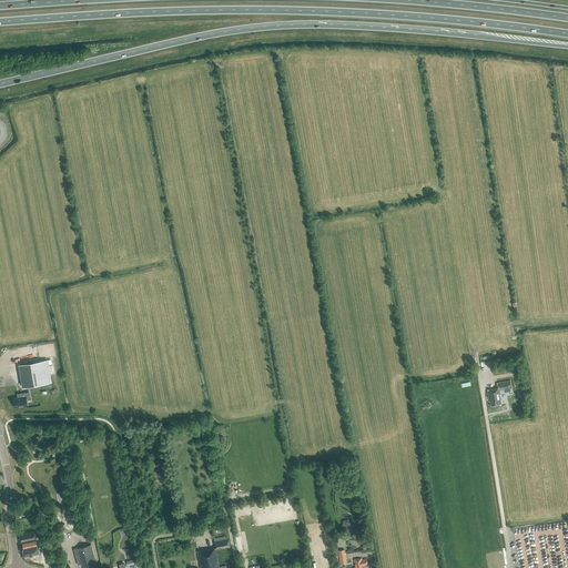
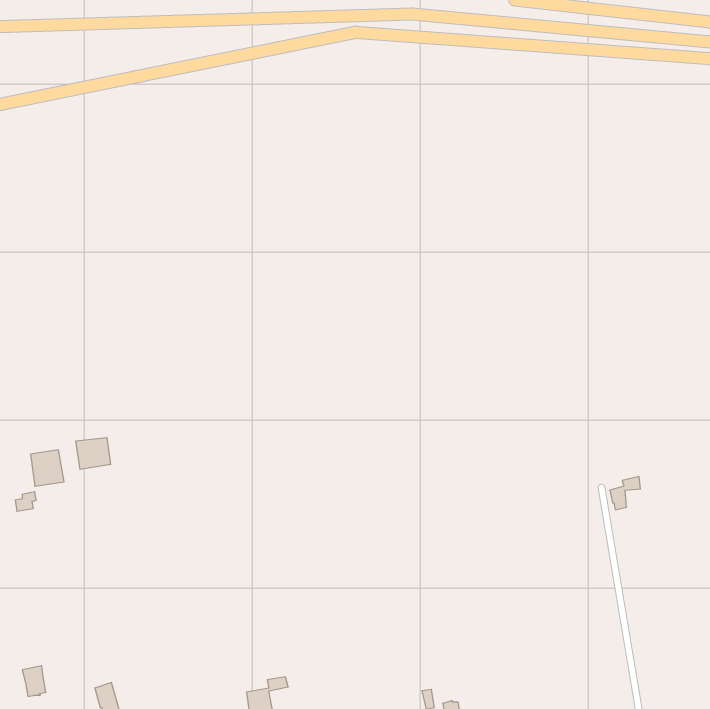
building: none -> [76,437,110,469]

